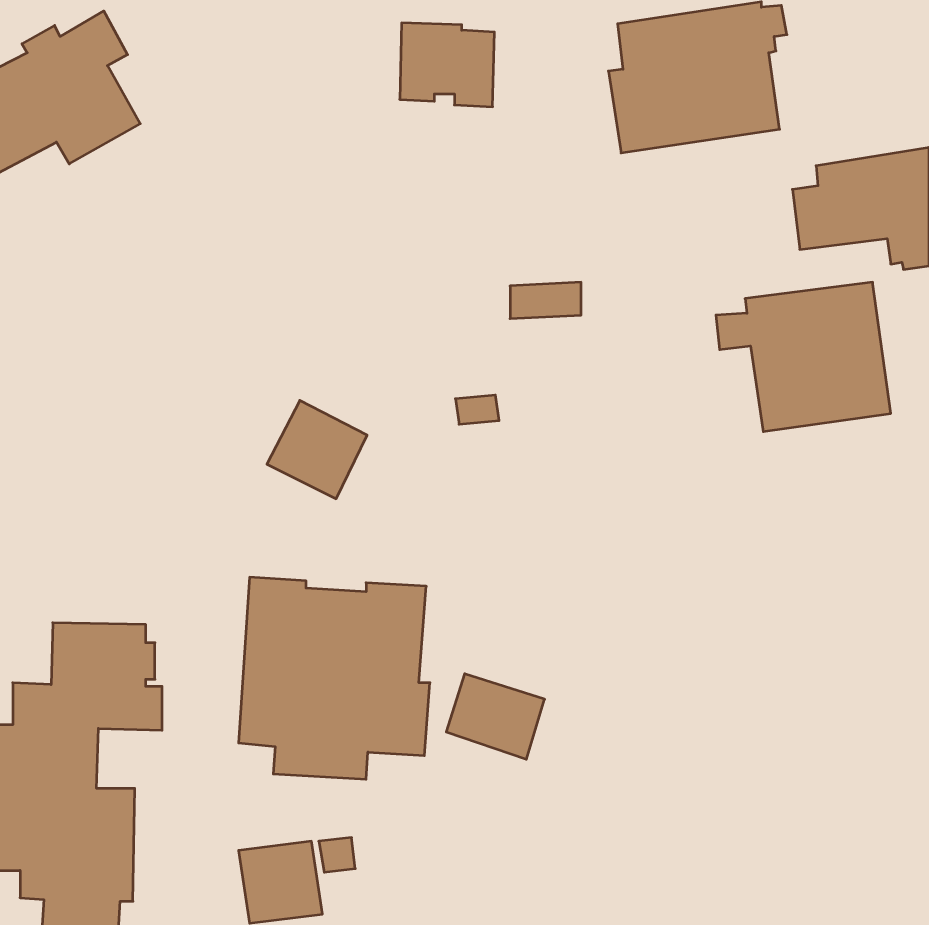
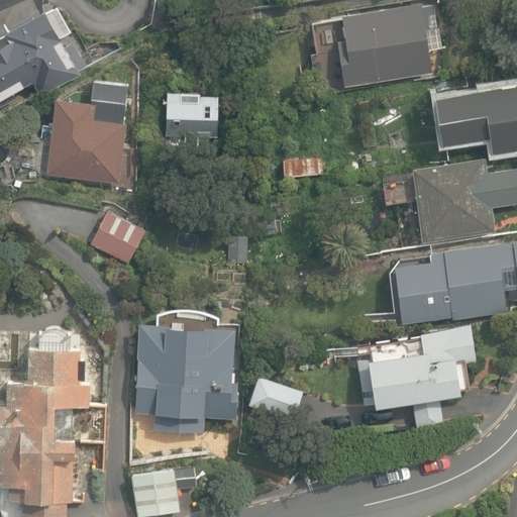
building: [400,23,494,107] -> [166,93,218,139]
building: none -> [46,83,128,185]
building: [267,400,367,499] -> [90,211,145,266]
building: none -> [395,244,510,324]
building: none -> [335,326,476,436]

